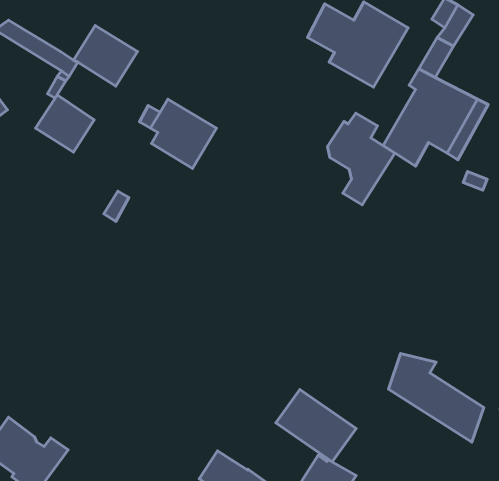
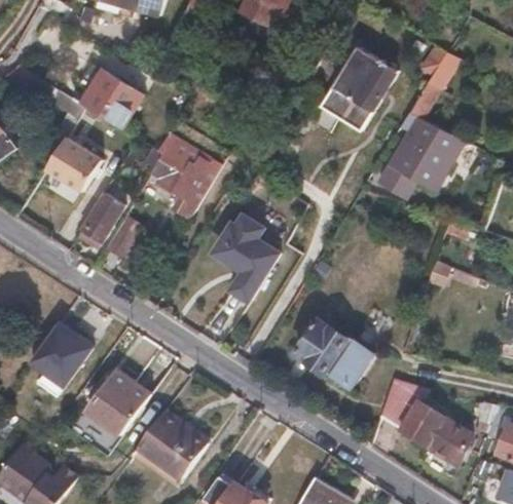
building: [328,113,395,205] -> [216,214,280,301]
building: none -> [81,193,124,242]
building: none -> [29,323,90,397]
building: none -> [85,370,149,435]
building: none -> [136,413,208,480]
building: [276,389,356,462] -> [297,321,373,390]

